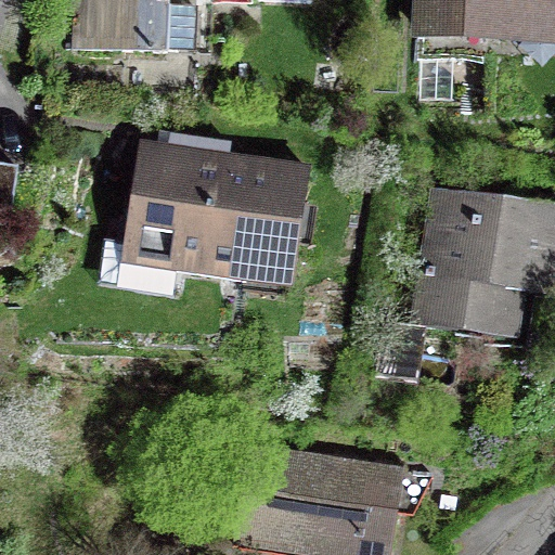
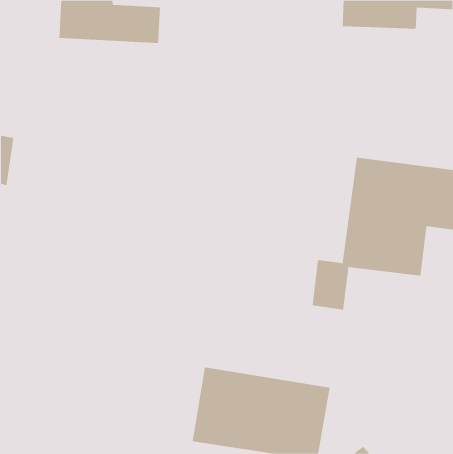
building: [128,144,308,279] -> none

